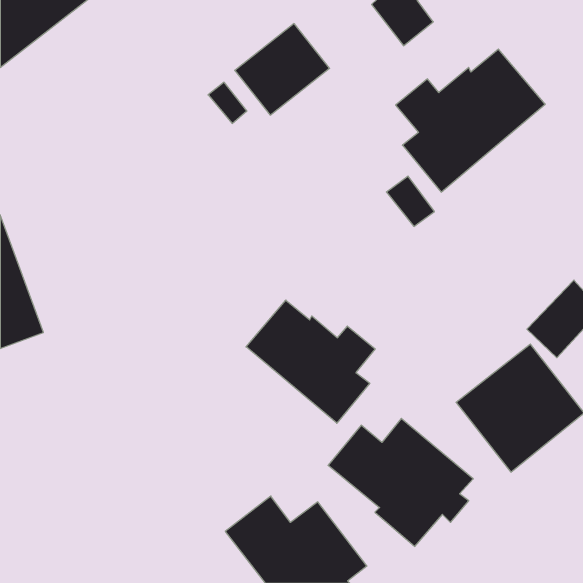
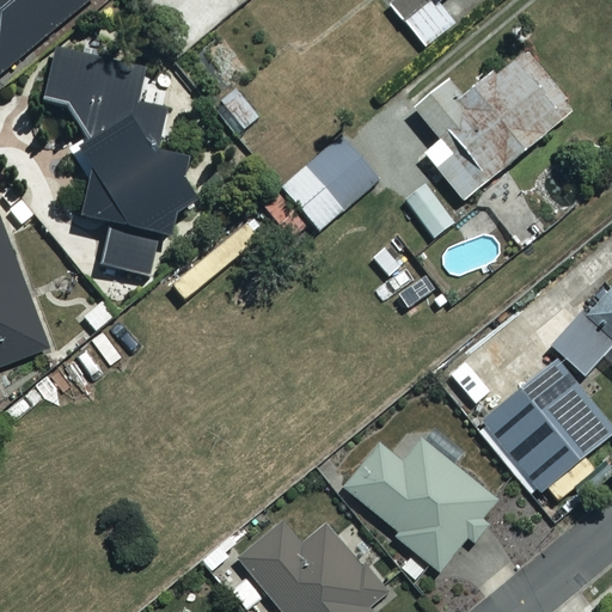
building: [235,24,330,115] -> [280,136,379,232]
building: none -> [47,49,196,280]
building: [246,300,375,423] -> none

